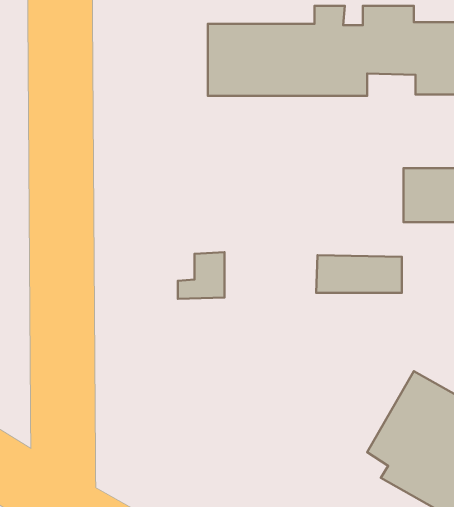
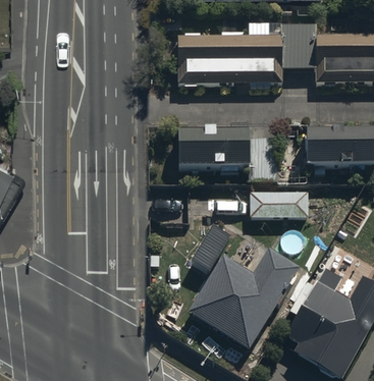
building: none -> [180,134,250,172]
building: none -> [189,251,301,351]

